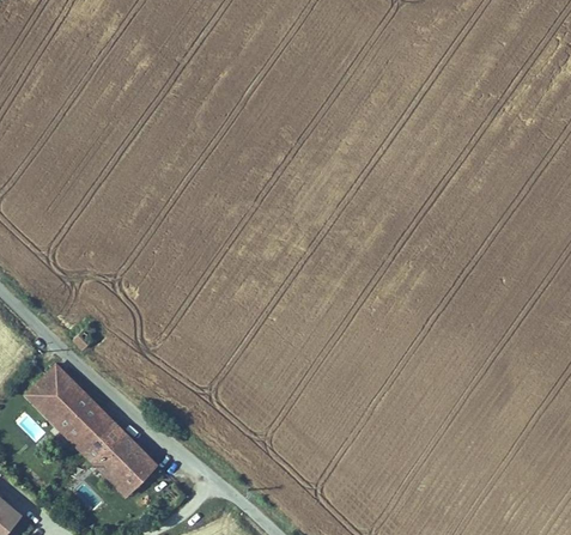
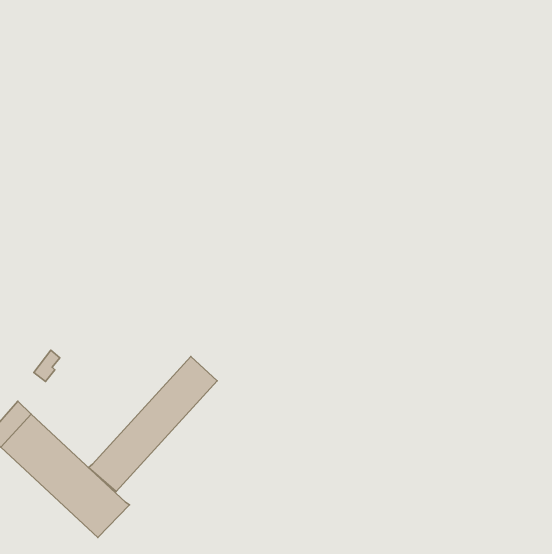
building: none -> [88,357,217,492]

